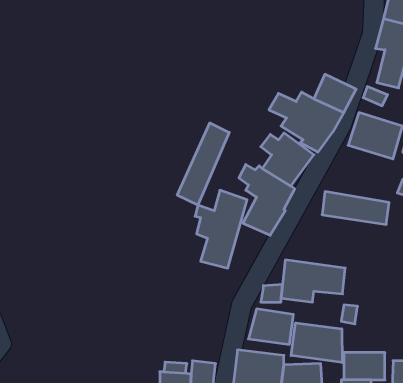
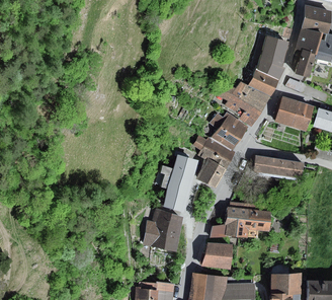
building: none -> [257,34,287,78]
building: [177,123,229,205] -> none
building: none -> [143,209,184,251]
building: [291,323,342,363] -> none

